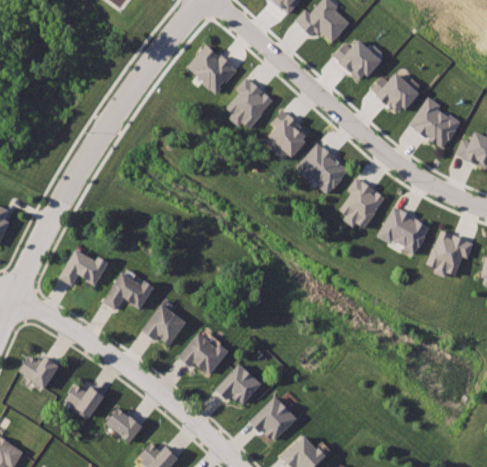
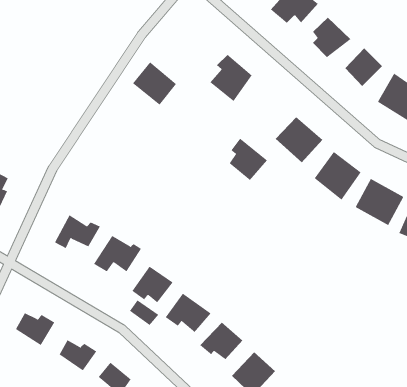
building: [191,50,239,97] -> [132,62,177,105]
building: [271,109,313,155] -> [229,138,268,181]
building: none -> [129,300,159,326]

